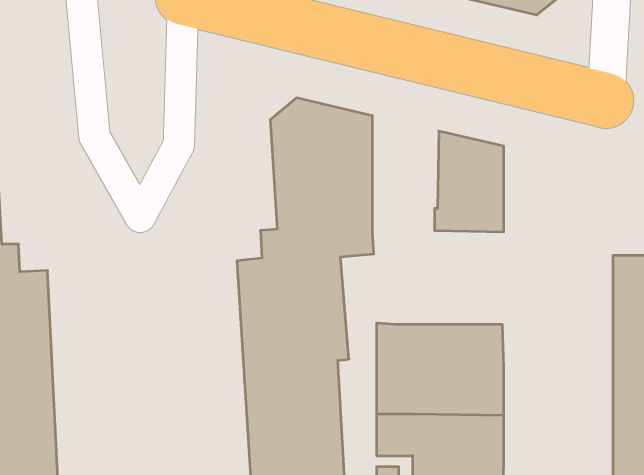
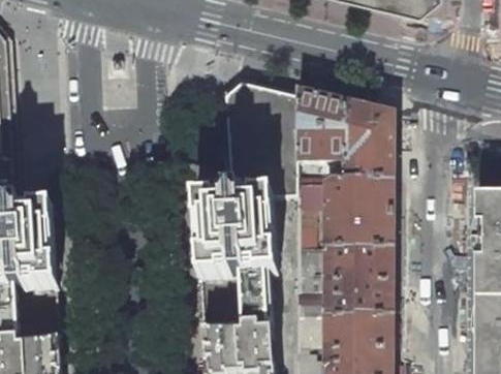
building: none -> [295,90,345,160]
building: none -> [295,176,394,246]

